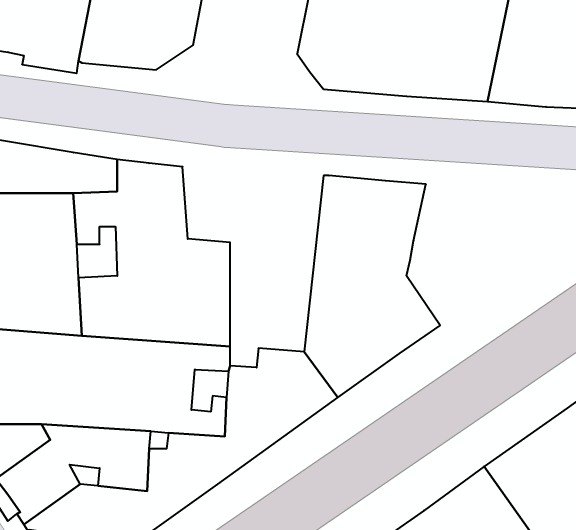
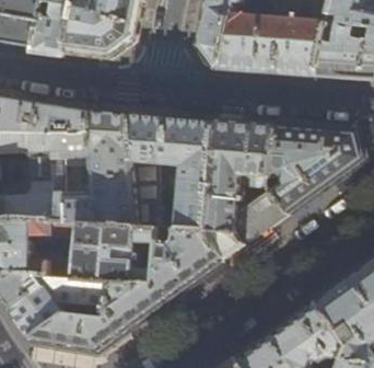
building: none -> [129,114,217,230]
building: none -> [268,126,365,214]

